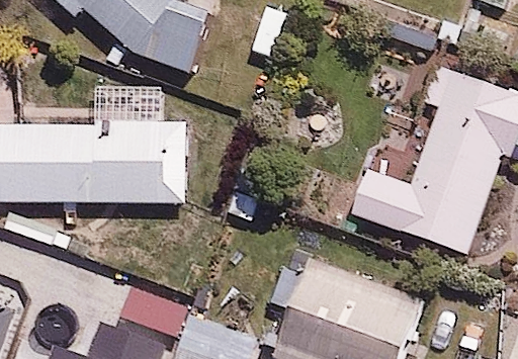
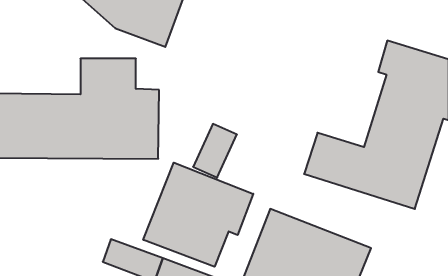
building: none -> [143,163,253,267]

